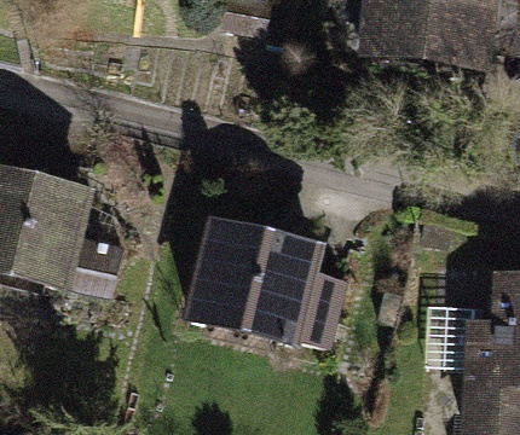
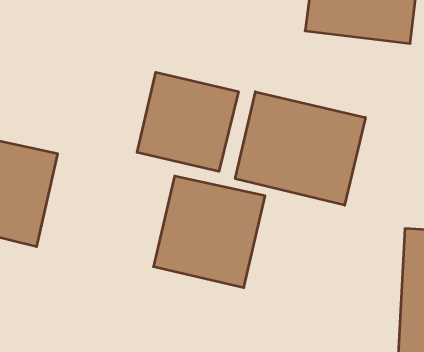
building: none -> [137,72,238,171]
building: none -> [235,92,365,205]

